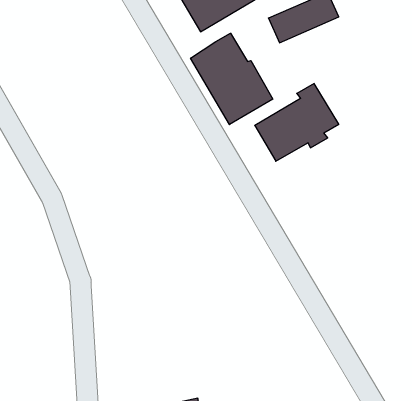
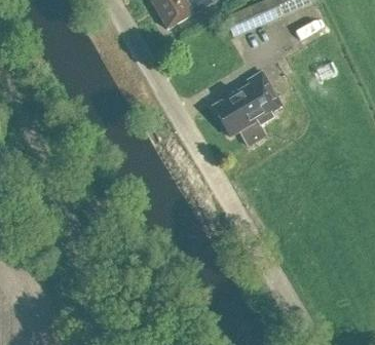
building: [191,33,273,125] -> none

